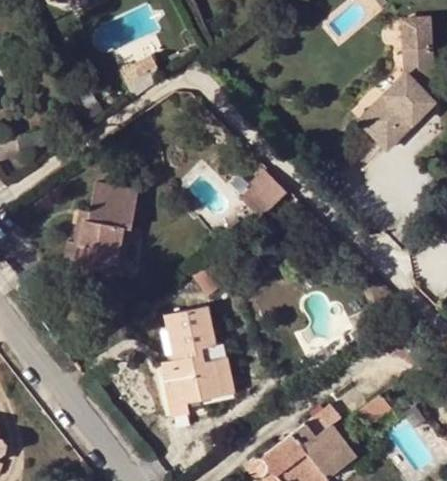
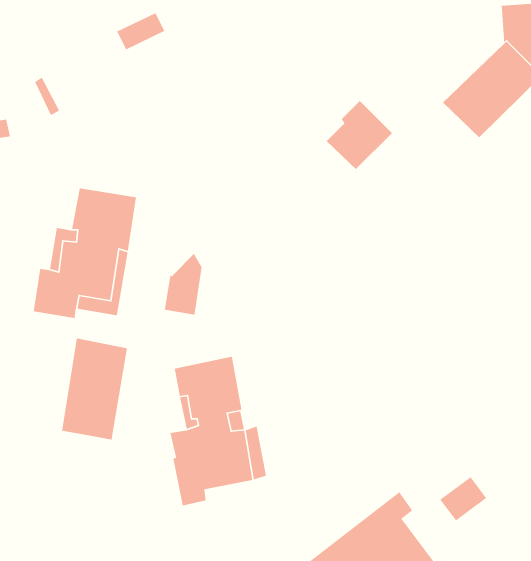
building: [240,168,289,219] -> [326,100,393,170]
building: none -> [164,253,203,315]
building: none -> [61,337,128,440]

